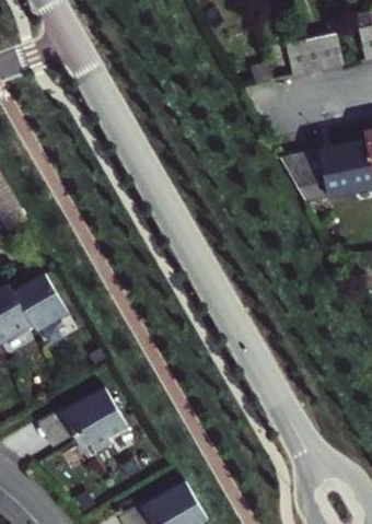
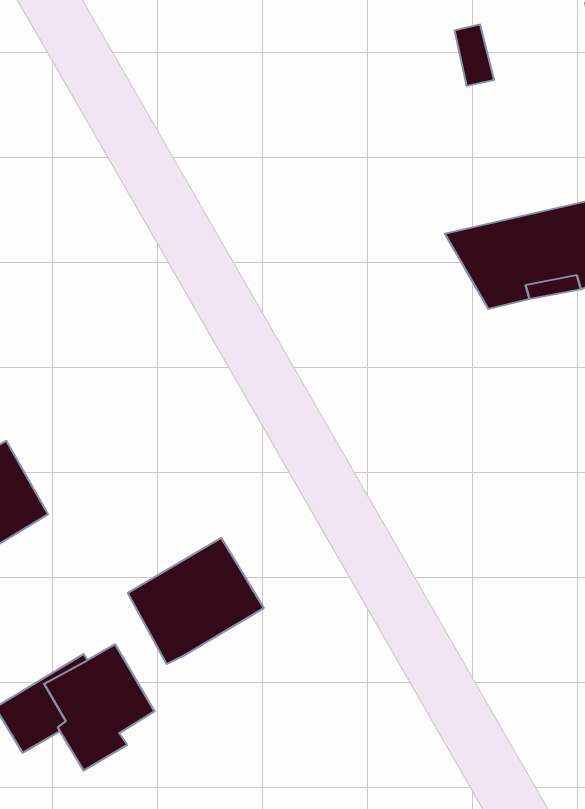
building: [305,36,349,74] -> none
building: none -> [128,538,264,664]

